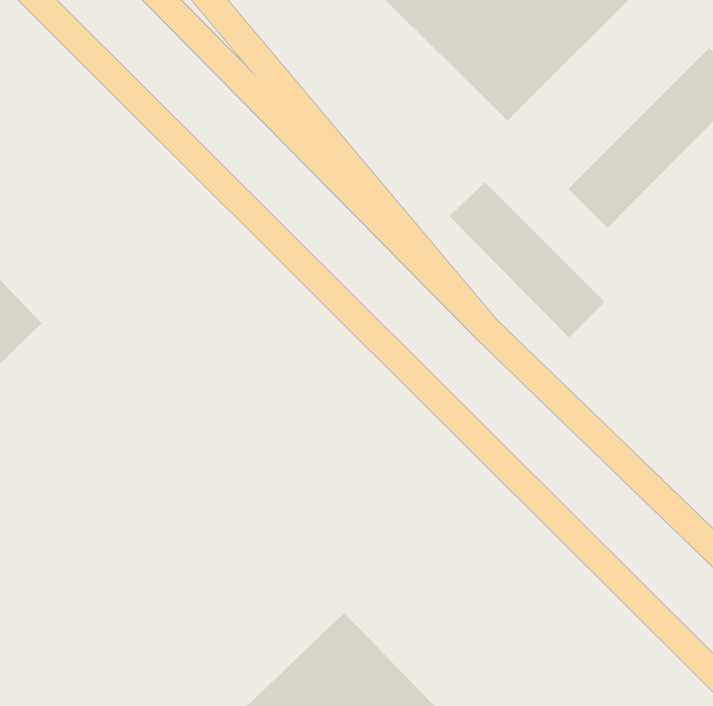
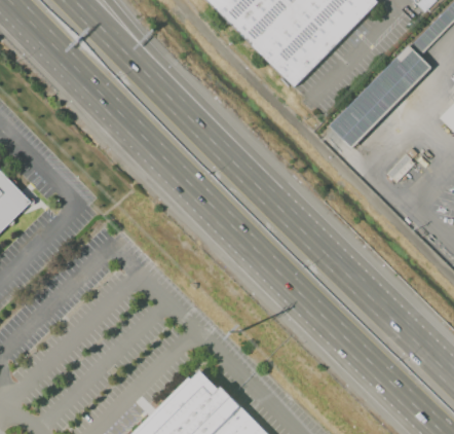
building: [448,181,605,338] -> none

